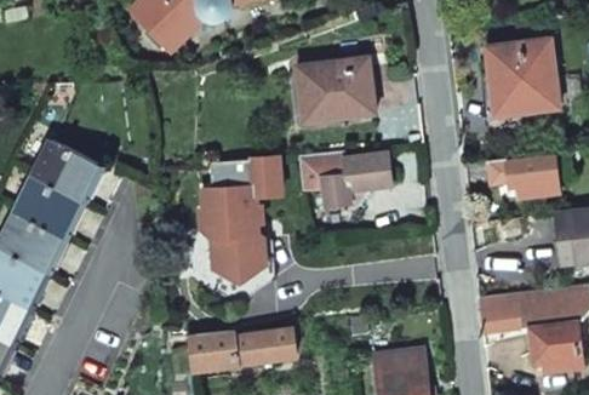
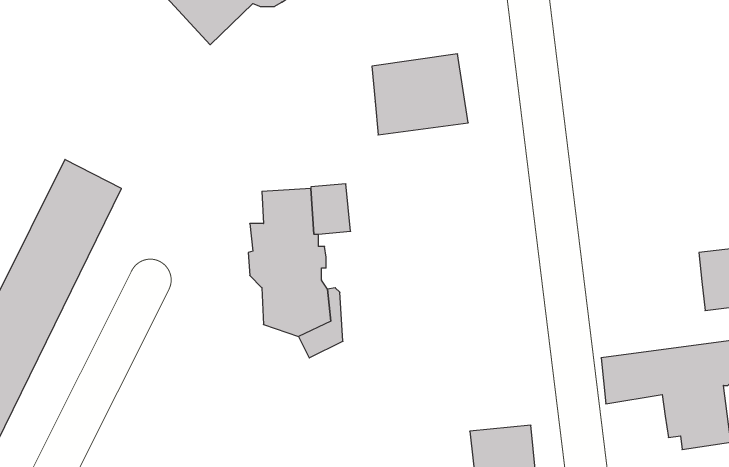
building: [486,39,559,115] -> none
building: [297,151,391,208] -> none
building: [490,154,568,195] -> none
building: [189,331,297,370] -> none

